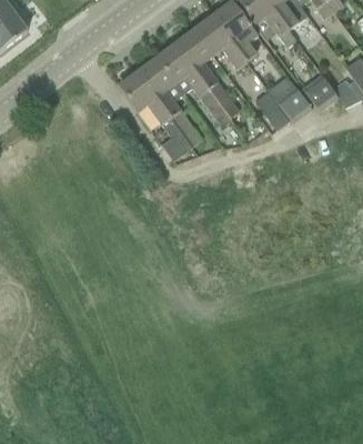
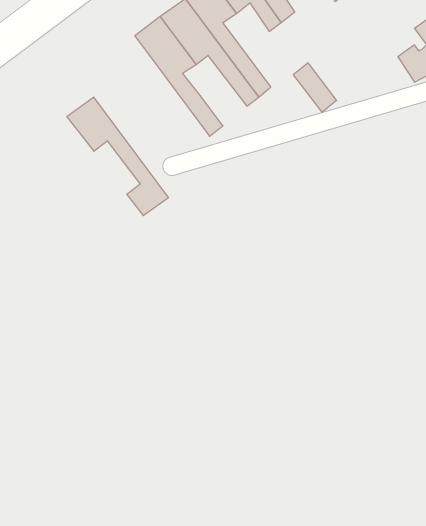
building: [117,71,192,159] -> [67,97,169,216]
building: [301,73,337,110] -> none
building: [275,87,310,121] -> none

